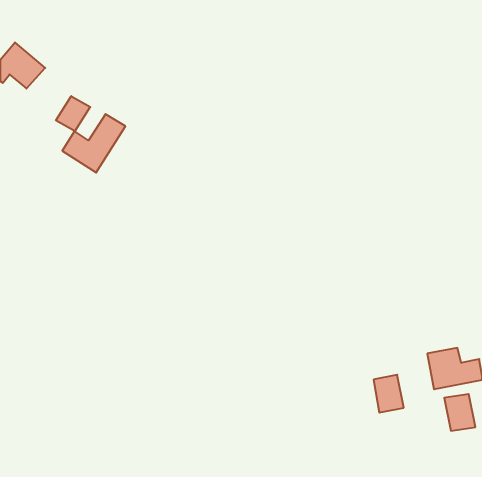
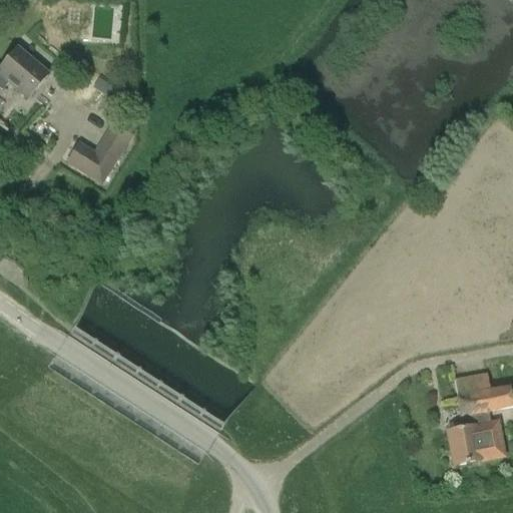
building: [56,96,90,131] -> none
building: [374,375,404,413] -> [447,423,479,463]

